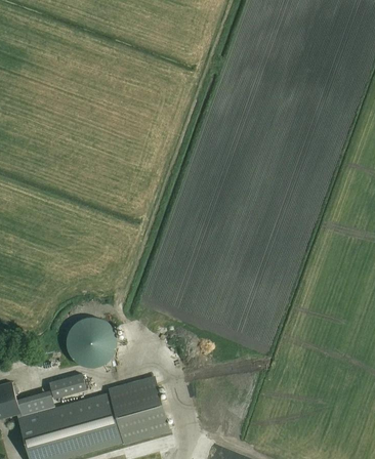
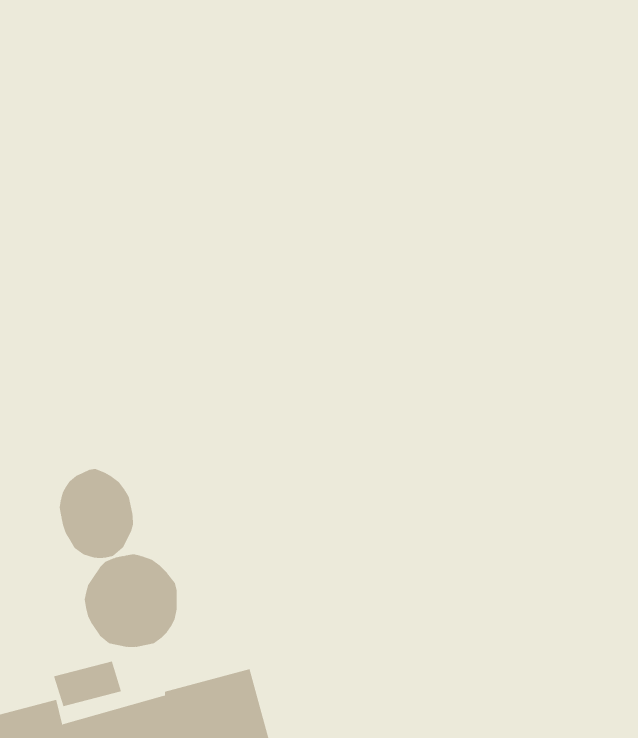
building: none -> [59,468,134,559]

